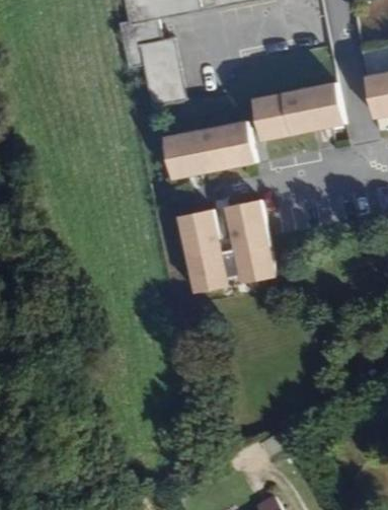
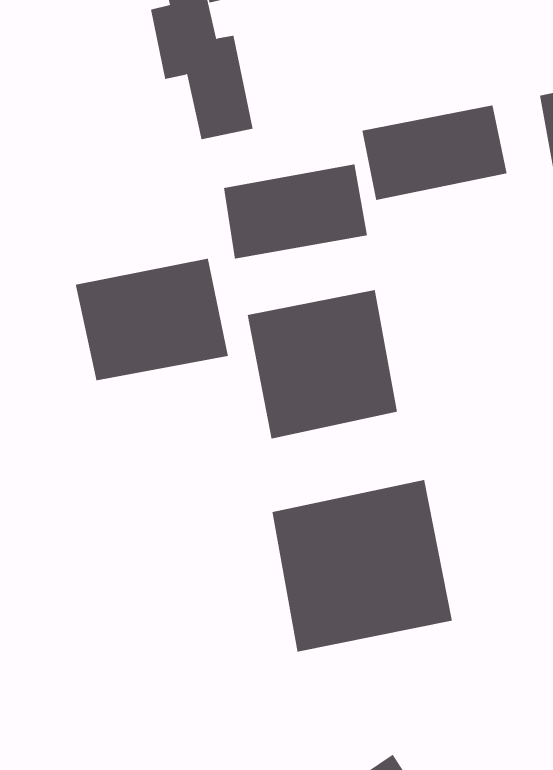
building: none -> [75,258,228,381]
building: none -> [272,479,452,652]

